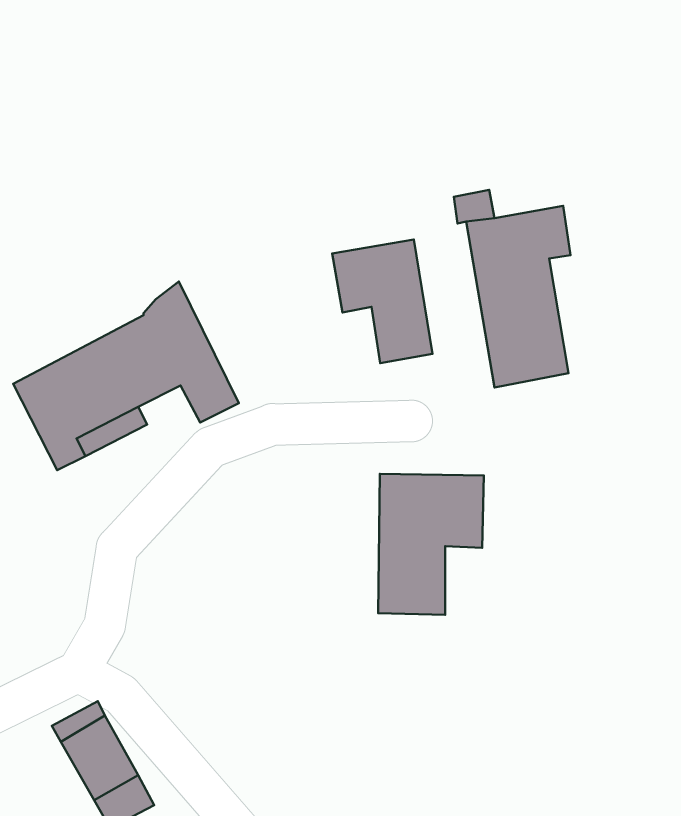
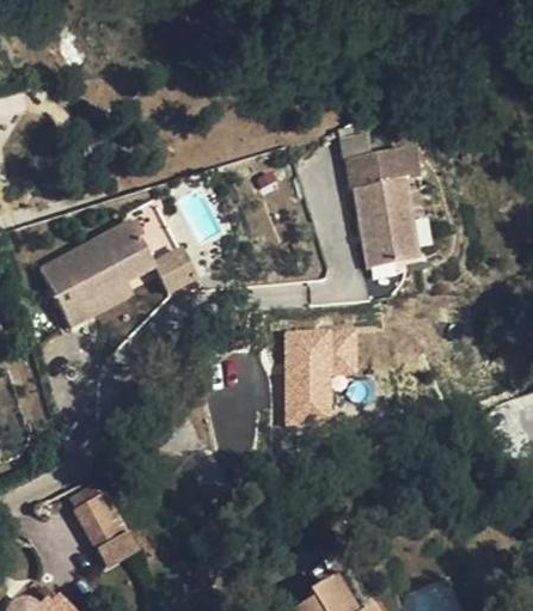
building: [332,240,433,363] -> none

